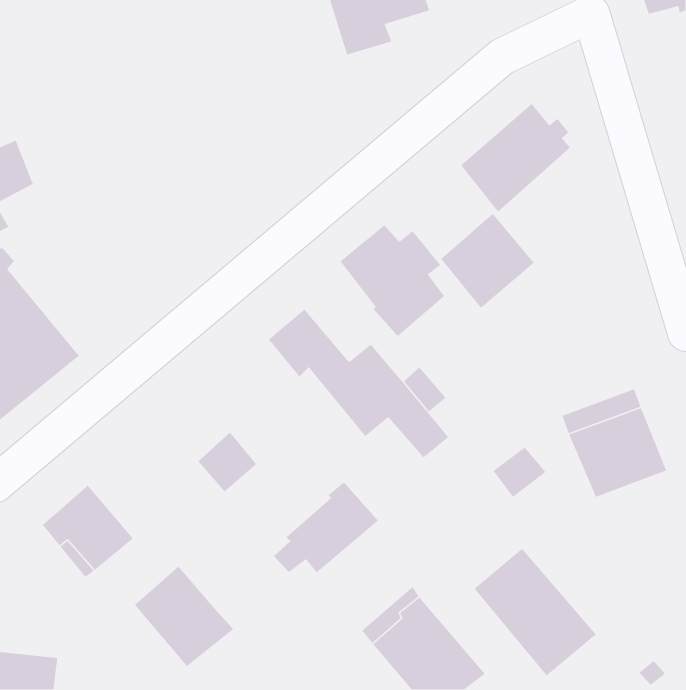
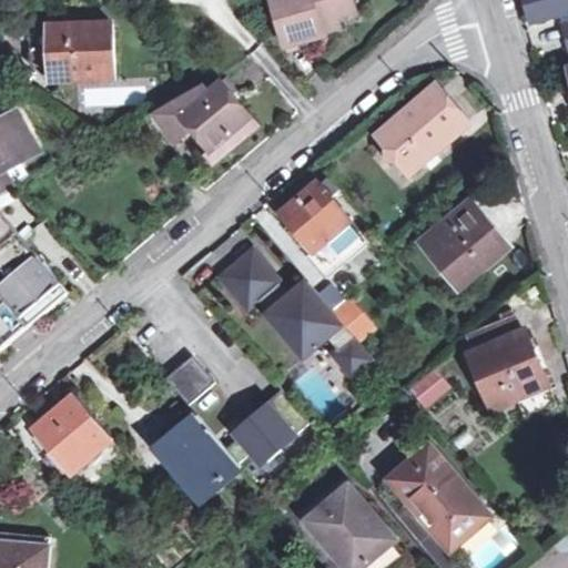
building: none -> [41,21,110,82]
building: none -> [141,77,258,164]
building: [440,213,535,309] -> [425,206,503,285]
building: [134,566,234,667] -> [154,417,236,500]

